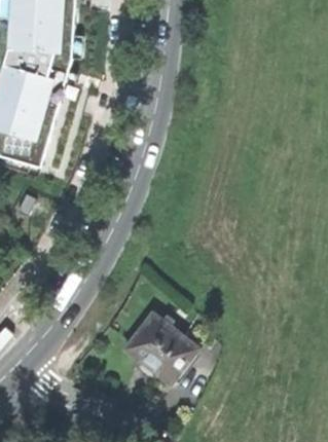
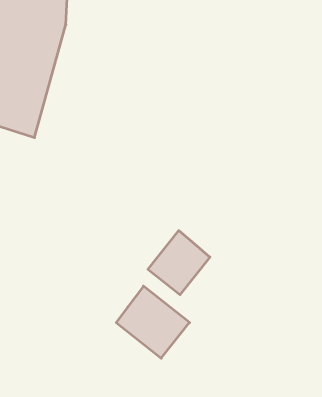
building: none -> [148,231,210,295]

